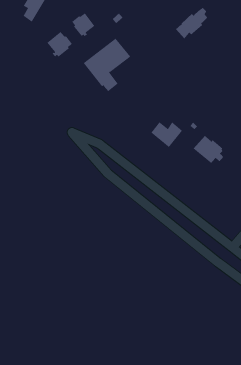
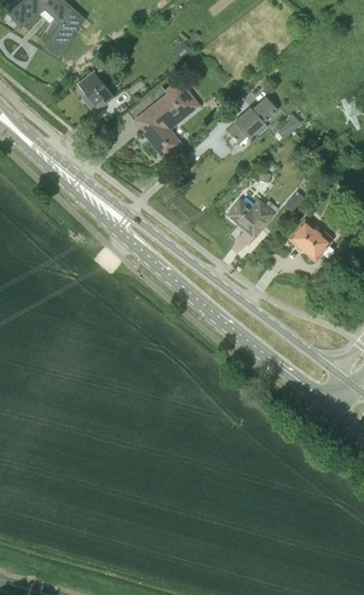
building: [175,7,208,39] -> [225,98,272,144]
building: [71,12,95,37] -> none

